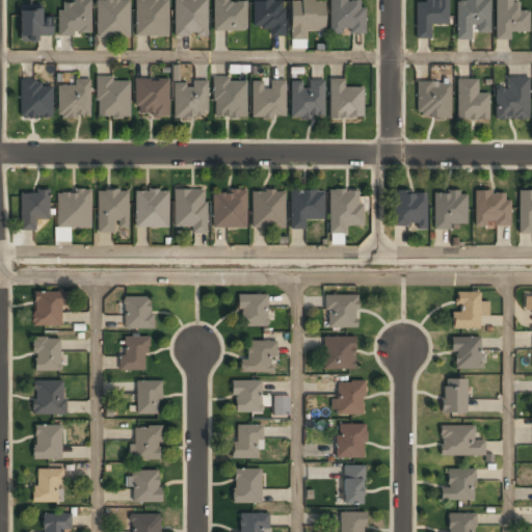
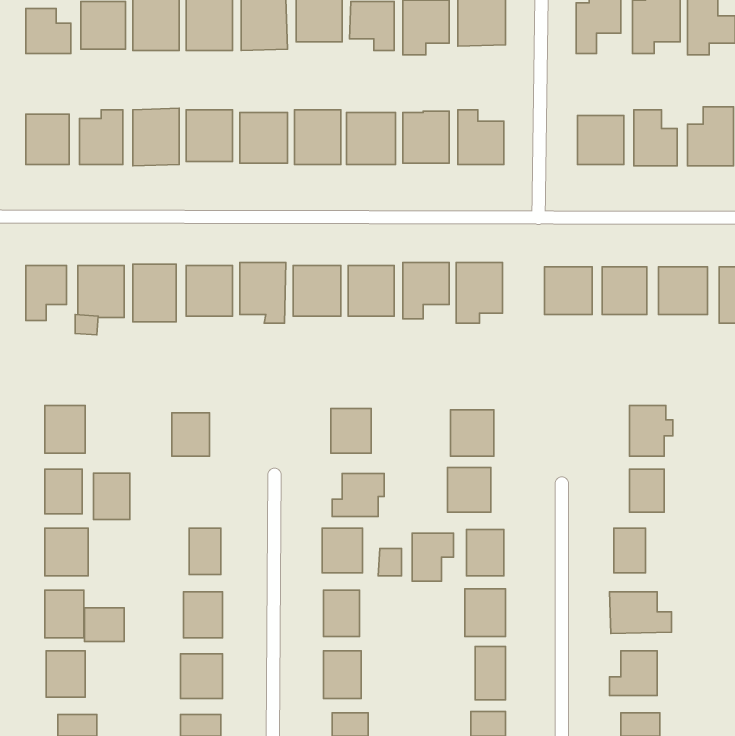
building: [123,337,149,370] -> [94,473,130,519]
building: none -> [412,533,453,581]
building: none -> [85,608,124,641]

